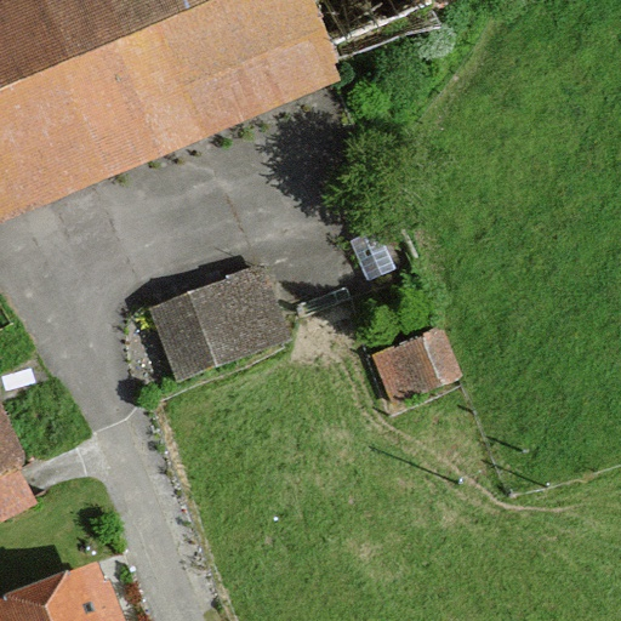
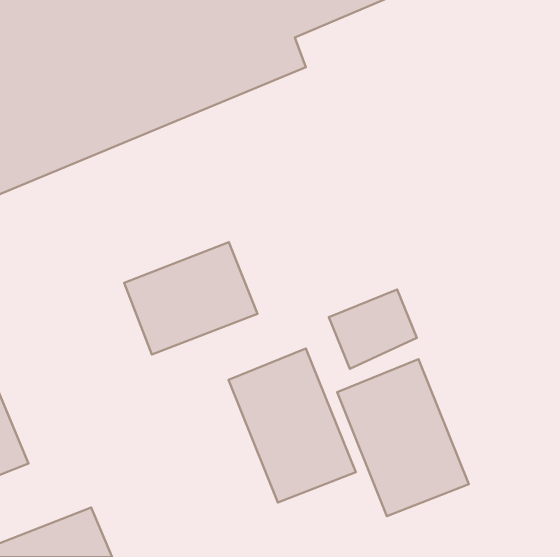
building: none -> [229,349,356,503]
building: none -> [337,359,469,516]

